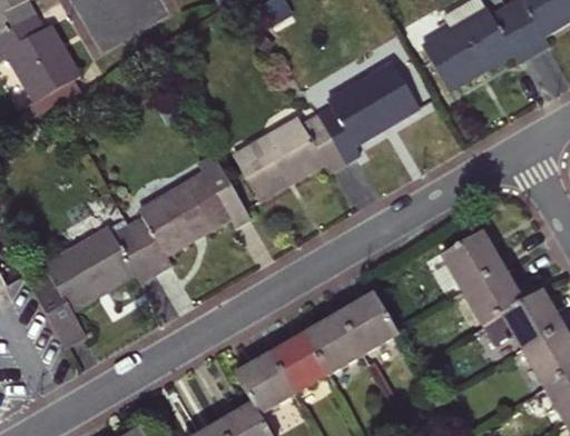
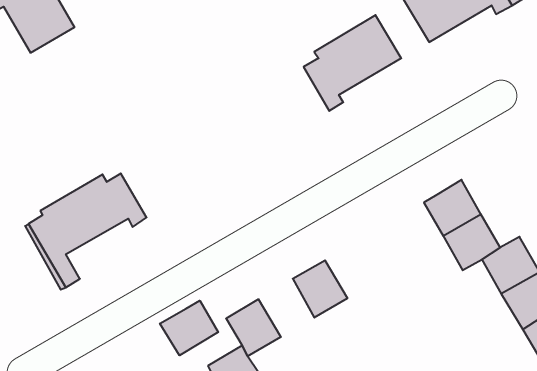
building: [233,115,344,199] -> none
building: [128,153,250,270] -> none
building: [340,295,397,354] -> none
building: [271,334,328,394] -> none
building: none -> [160,301,218,355]

